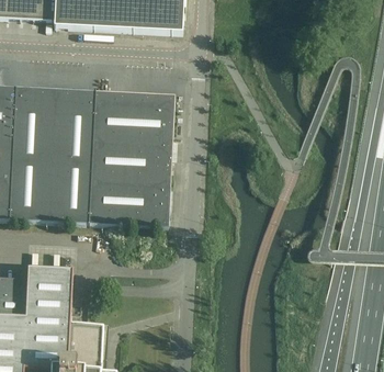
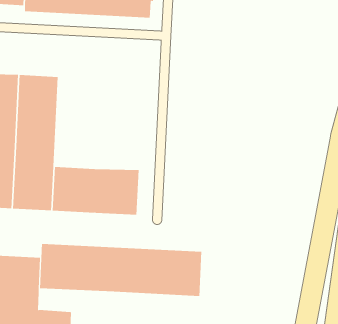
building: [84,90,173,182] -> none
building: none -> [40,243,202,297]

